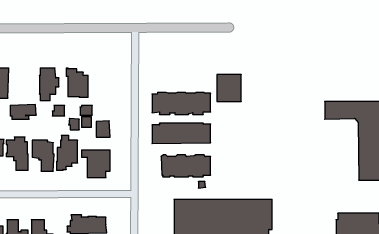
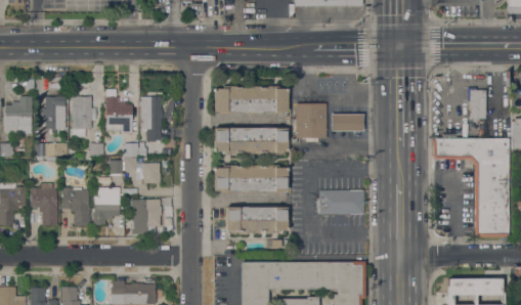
building: none -> [214,85,288,114]
building: none -> [467,87,485,121]
building: none -> [43,95,67,128]
building: none -> [141,95,162,141]
building: none -> [330,113,361,131]
building: none -> [317,189,364,214]

